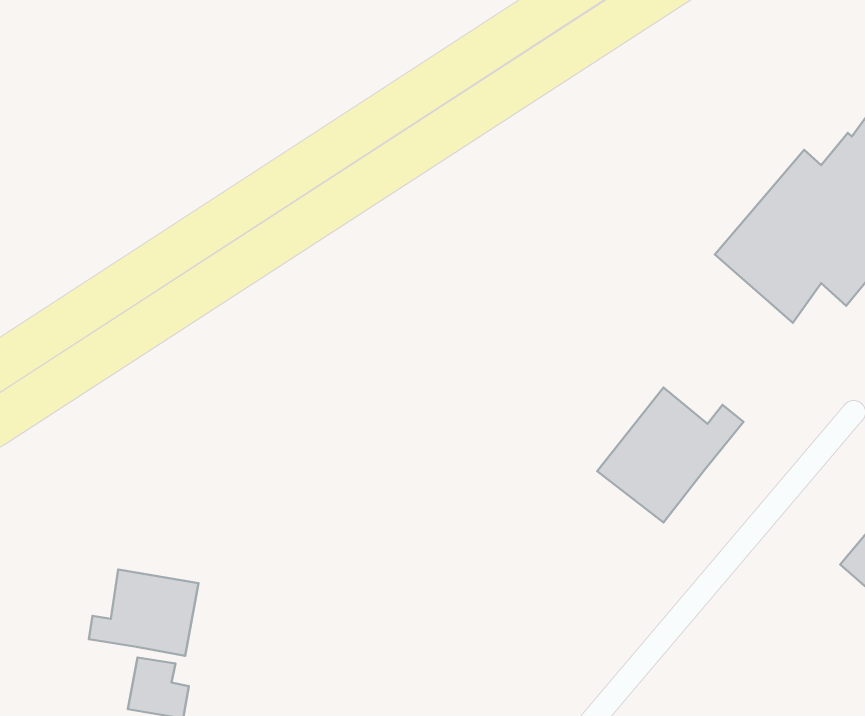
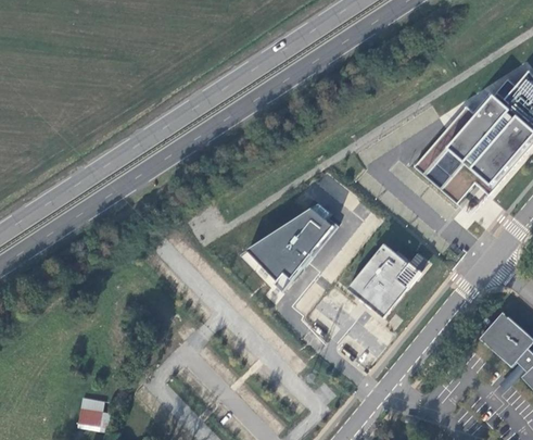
building: none -> [240,205,338,296]
building: [89,570,198,656] -> none

